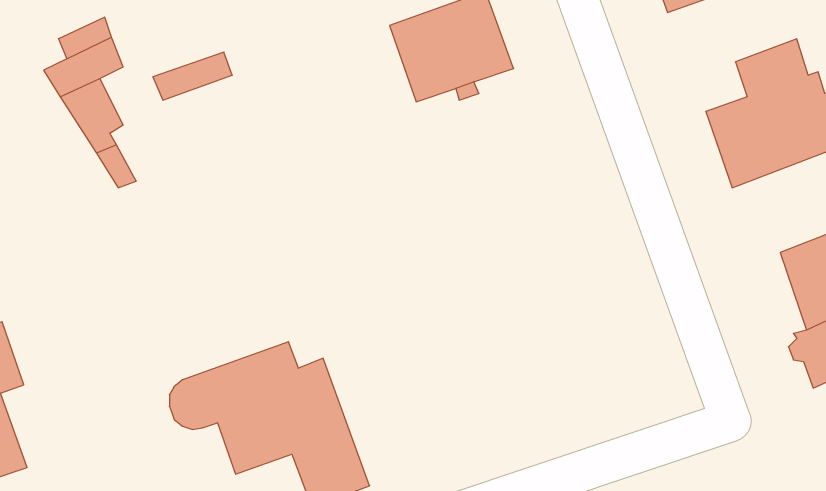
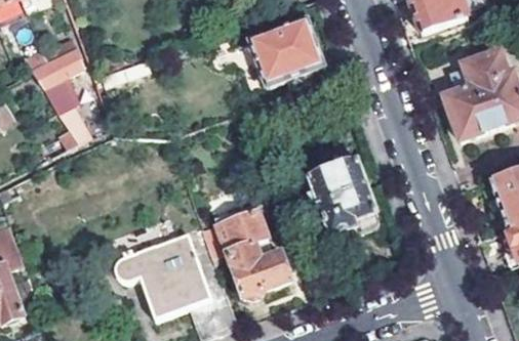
building: none -> [308,156,376,238]
building: none -> [215,206,290,296]

